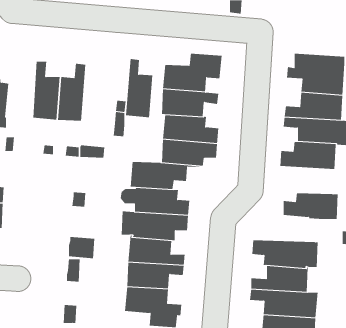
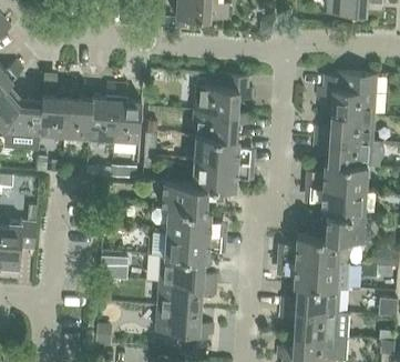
building: [125,59,153,118] -> [113,86,141,144]
building: none -> [38,81,68,139]
building: none -> [308,187,365,214]
building: none -> [283,234,353,262]

